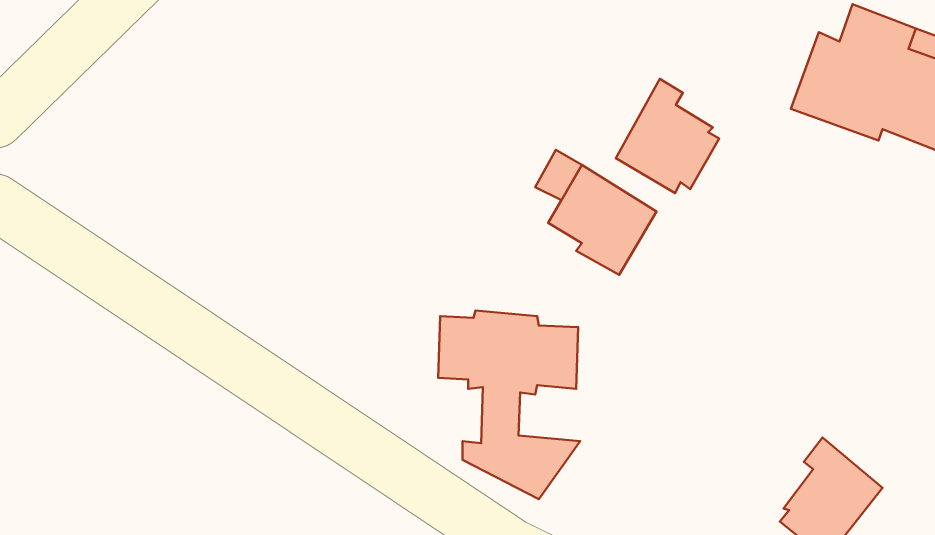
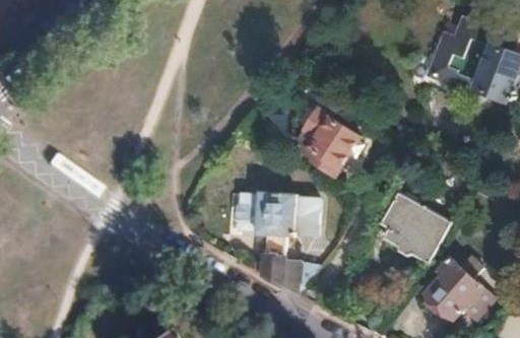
building: [616,79,719,193] -> none
building: none -> [381,194,449,263]

